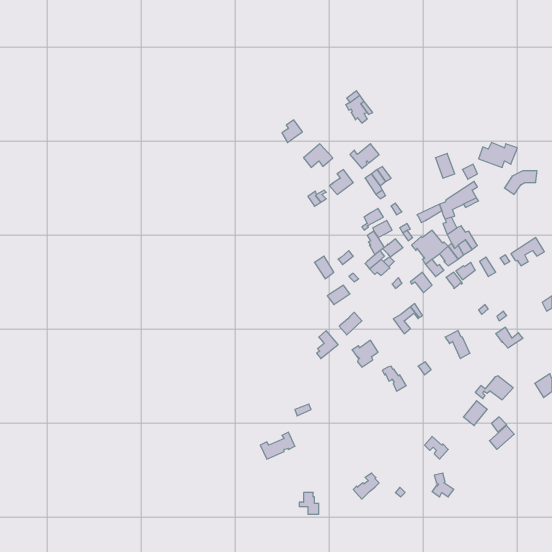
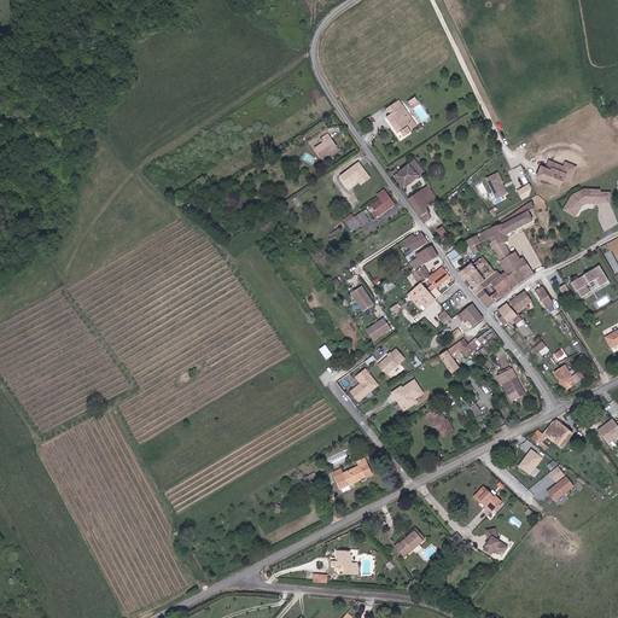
building: [260,432,295,459] -> [333,459,372,489]

